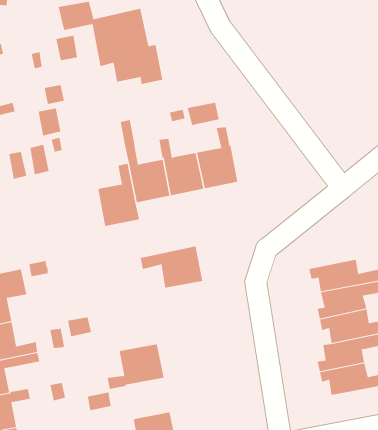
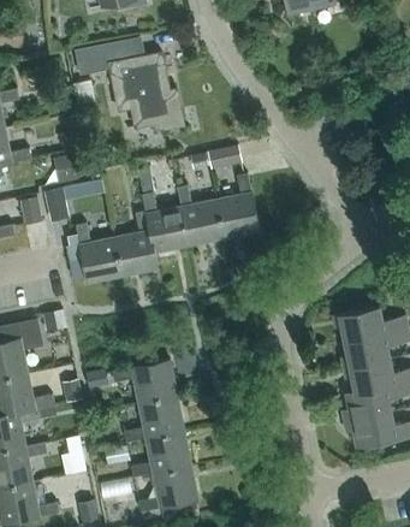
building: none -> [67,223,123,283]
building: [140,246,203,288] -> [112,360,177,403]
building: none -> [132,431,190,476]

